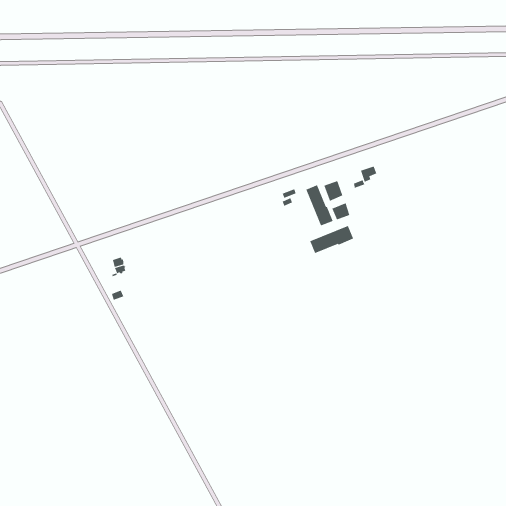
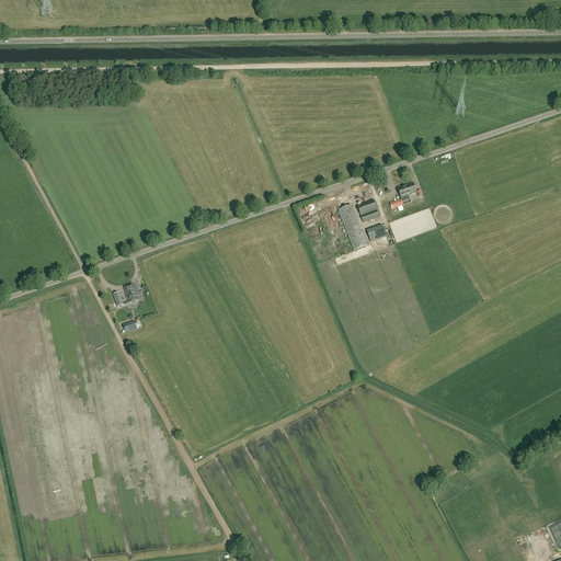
building: [310,225,354,254] -> none

